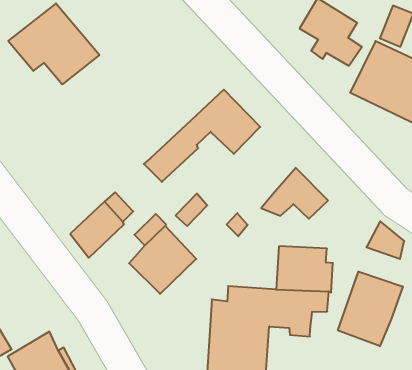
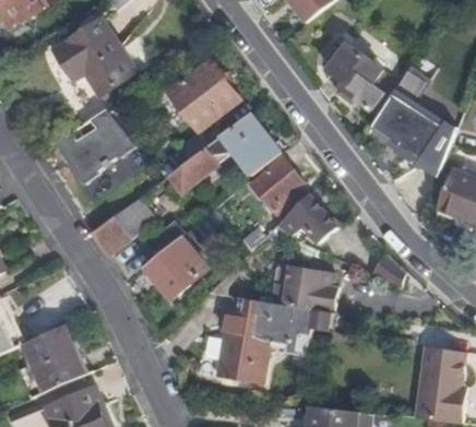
building: none -> [166,61,248,137]
building: none -> [55,107,134,183]
building: none -> [249,158,304,216]
building: [338,272,403,346] -> none

